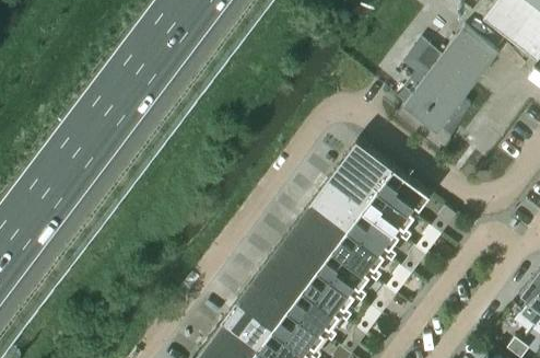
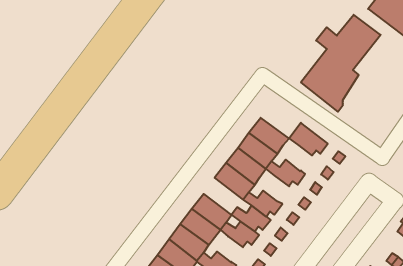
building: [343,140,396,189] -> none
building: [365,197,416,232] -> none
building: [336,238,386,272] -> none
building: [269,241,320,289] -> none
building: [275,317,327,351] -> none

